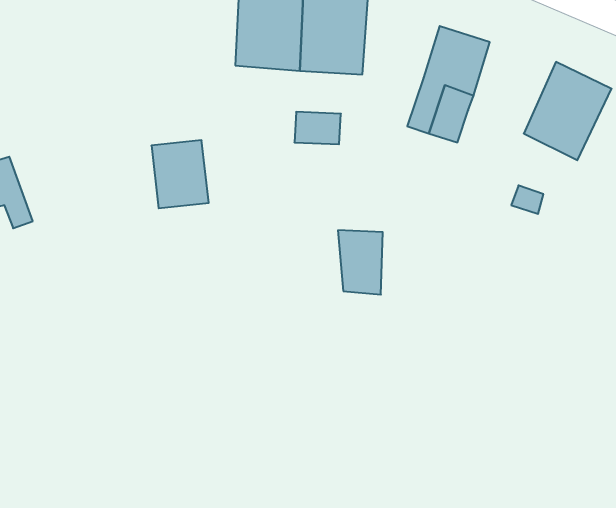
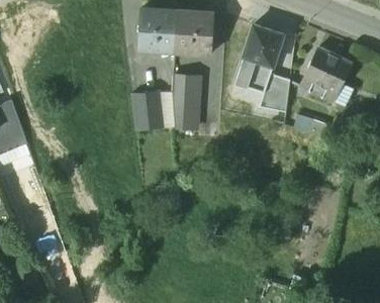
building: none -> [259,75,290,113]
building: [151,140,209,208] -> [131,92,164,130]
building: [338,230,383,295] -> [172,93,197,129]

